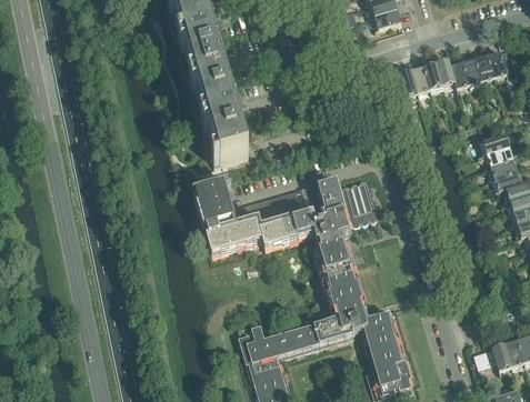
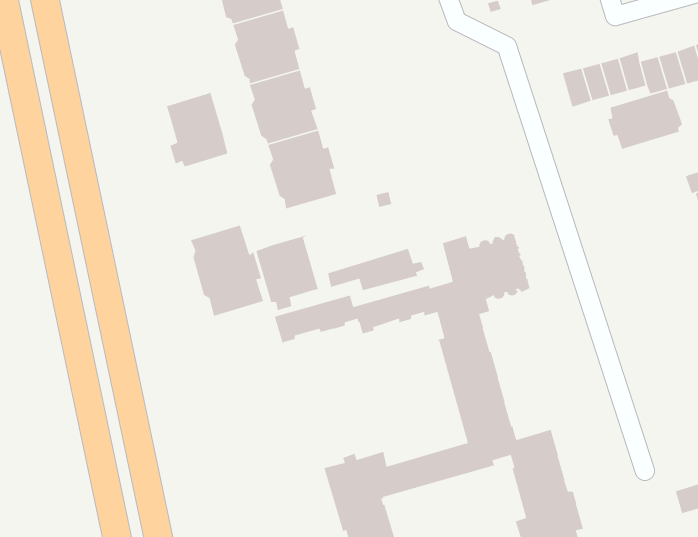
building: none -> [166,87,229,167]
building: none -> [607,90,683,150]
building: none -> [190,225,264,317]

